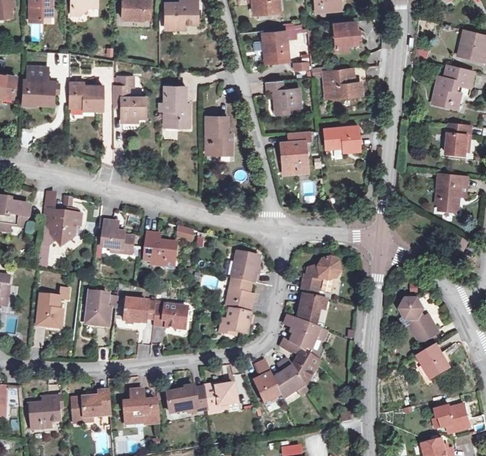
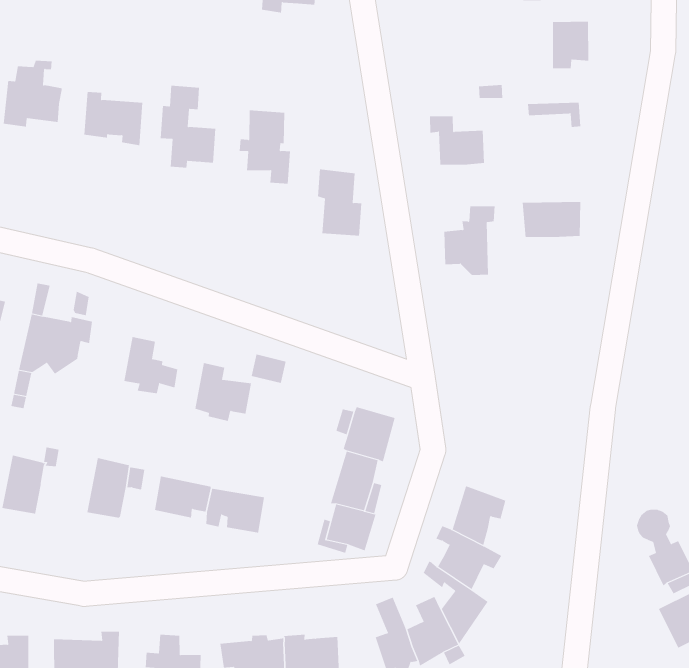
building: [262,30,287,61] -> none
building: [323,75,360,98] -> none
building: [300,254,346,297] -> none

